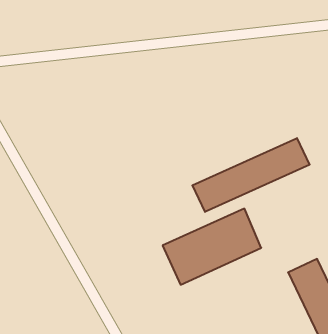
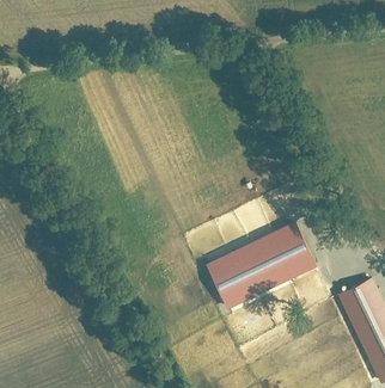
building: [192,138,310,212] -> none

